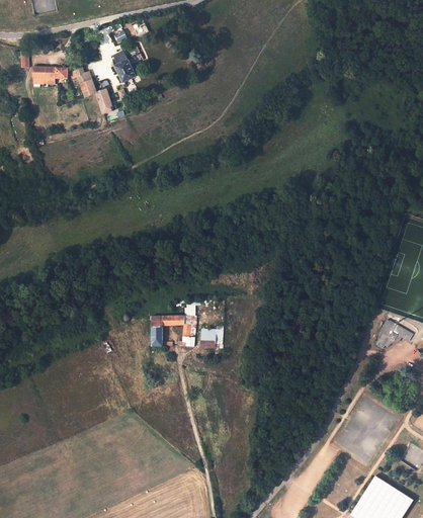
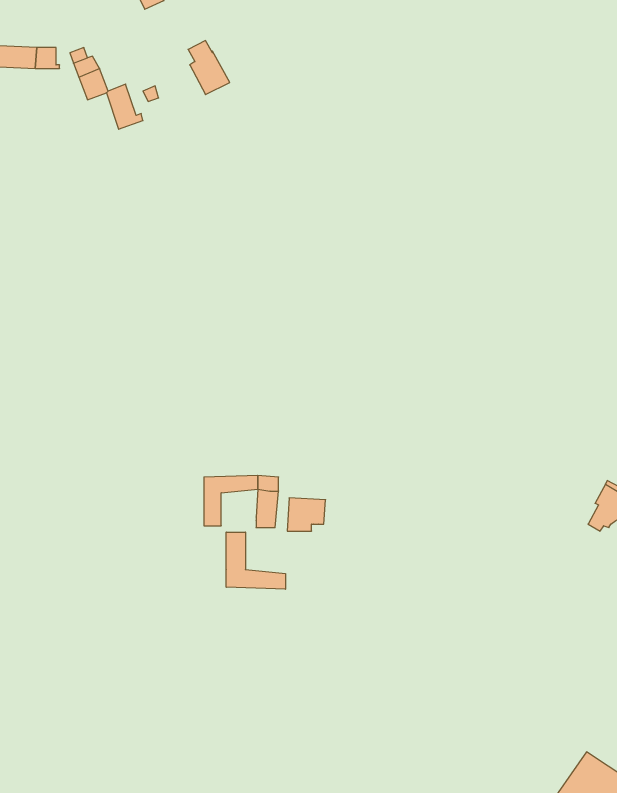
building: [112,52,137,83] -> [188,41,230,95]
building: none -> [226,532,285,589]

